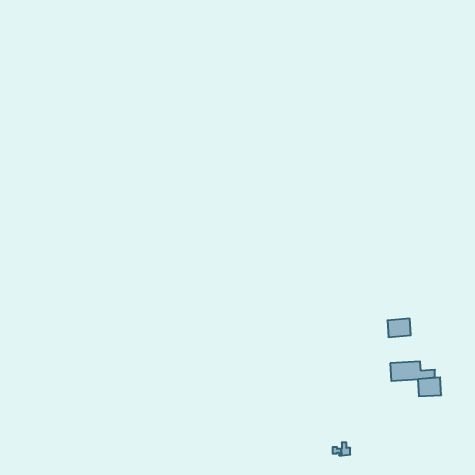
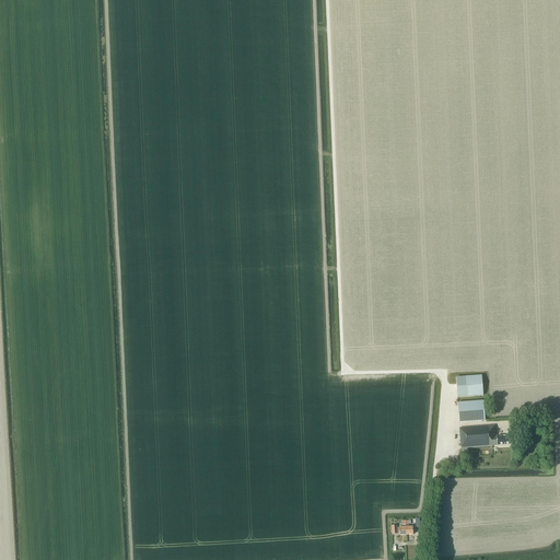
building: [418,377,441,396] -> [457,399,485,421]

